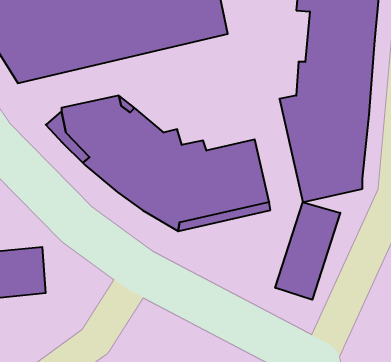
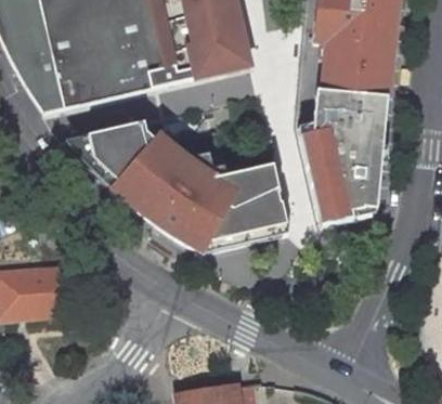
building: [275,202,340,300] -> none

